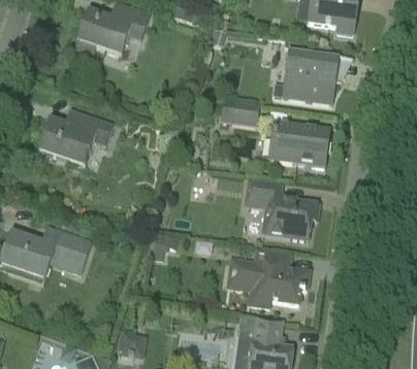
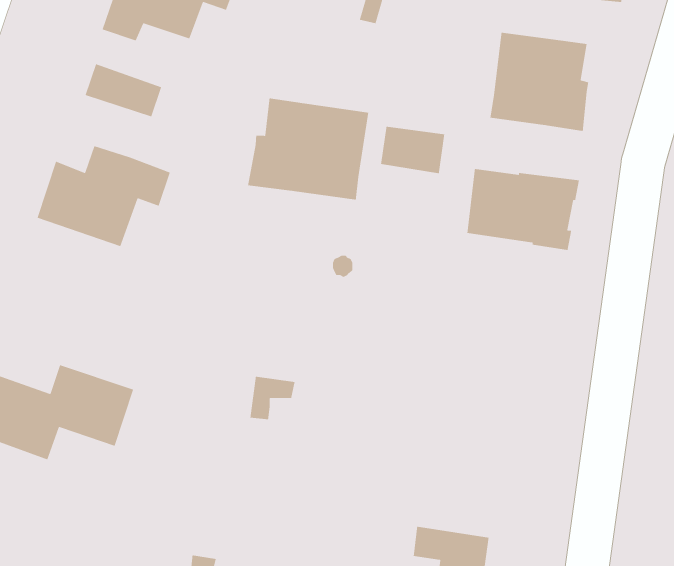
building: none -> [84,63,162,118]
building: none -> [247,98,369,201]
building: [245,177,318,238] -> none
building: [225,248,309,305] -> none

